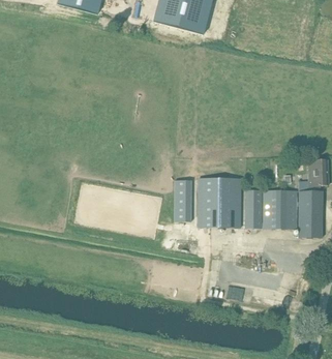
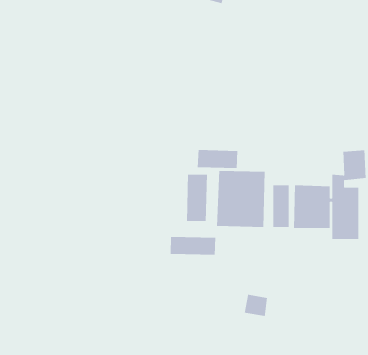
building: none -> [197,149,238,169]
building: none -> [170,236,216,256]

